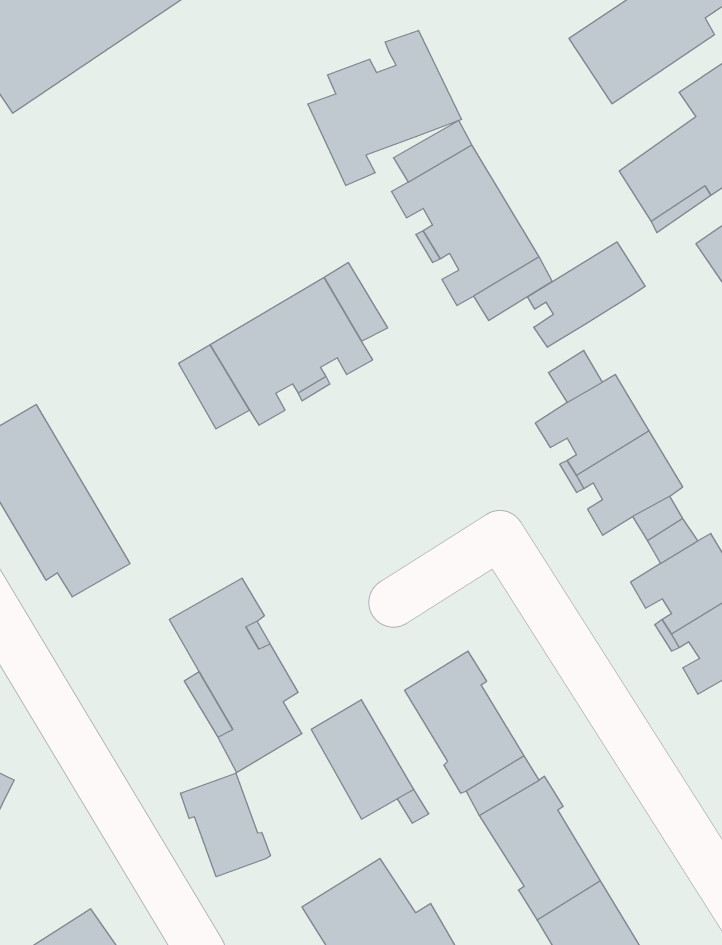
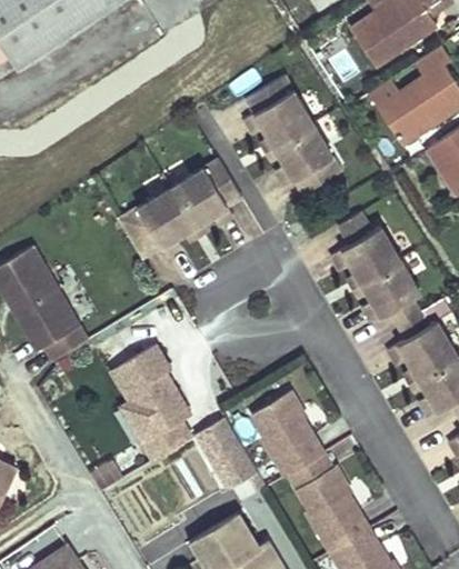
building: [308,30,462,186] -> none
building: [527,242,645,347] -> none
building: [180,773,270,877] -> none

